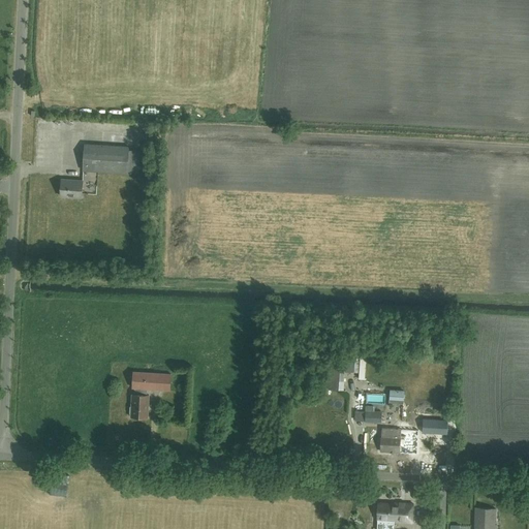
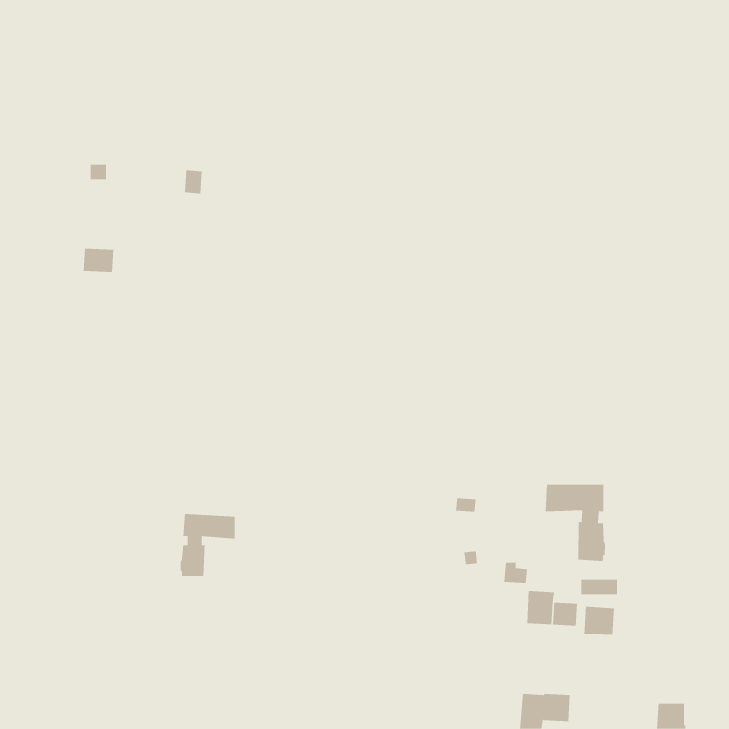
building: [83,144,128,174] -> none
building: none -> [545,484,606,562]
building: none -> [584,606,614,635]

